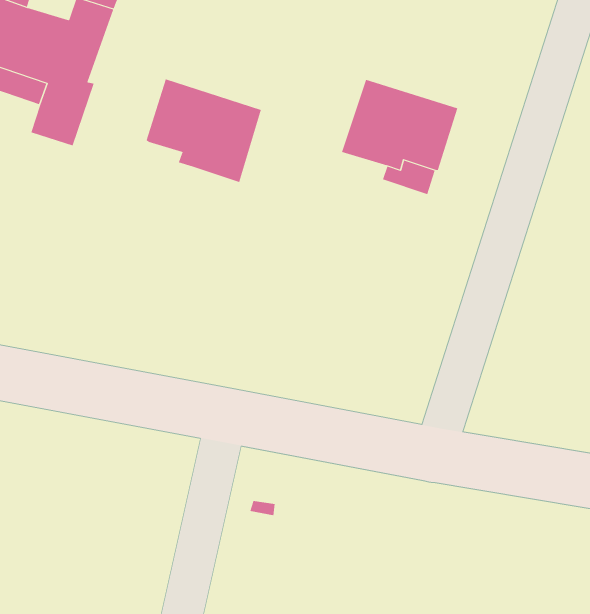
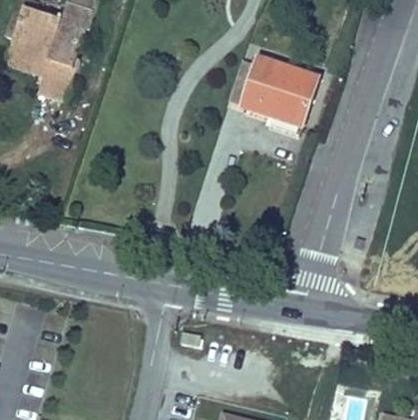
building: [146,79,261,183] -> none

